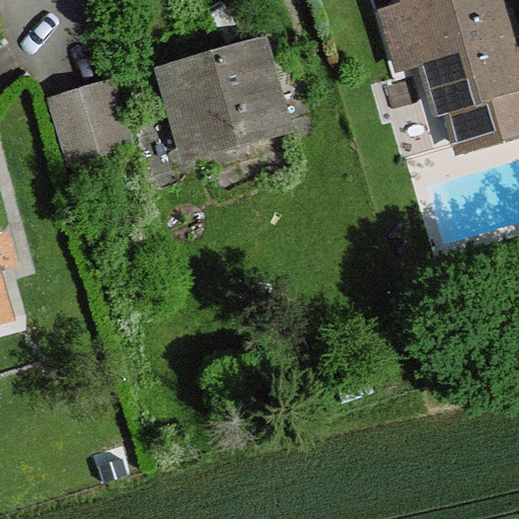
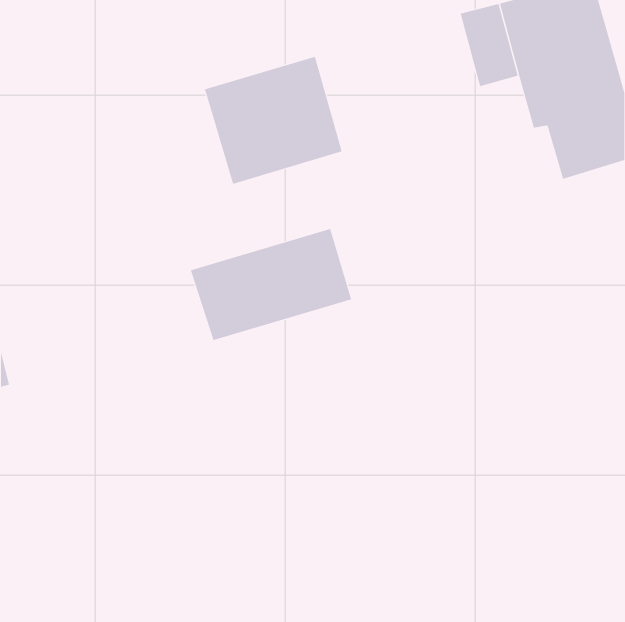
building: [53,81,131,160] -> none
building: none -> [190,228,352,341]

